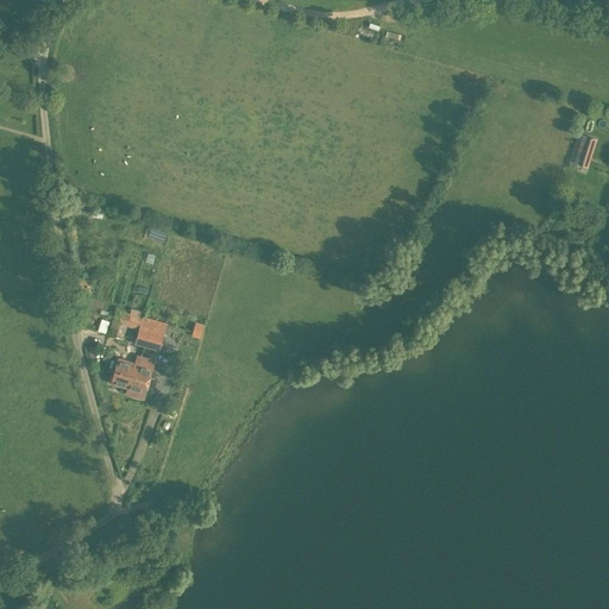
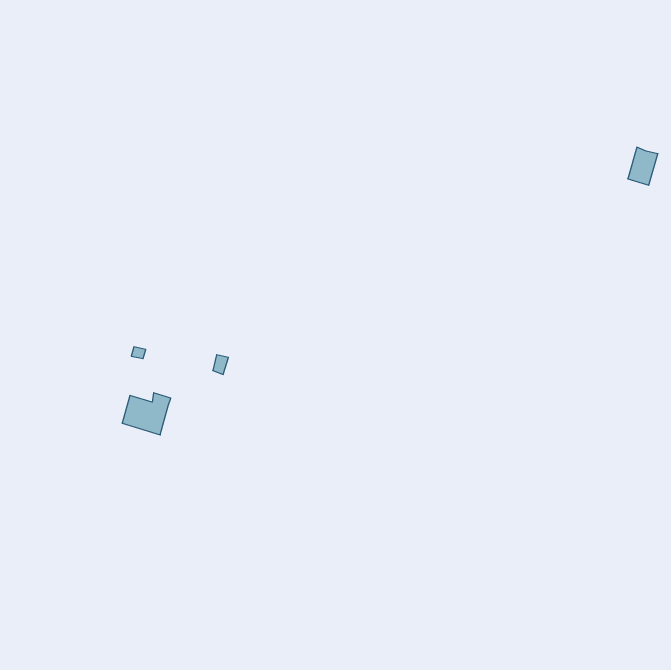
building: [134,319,165,352] -> none

